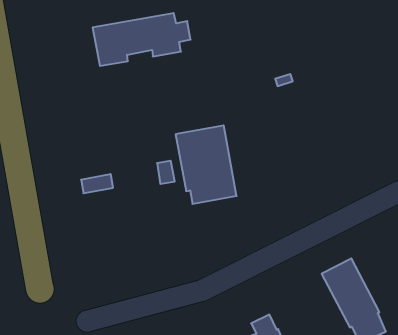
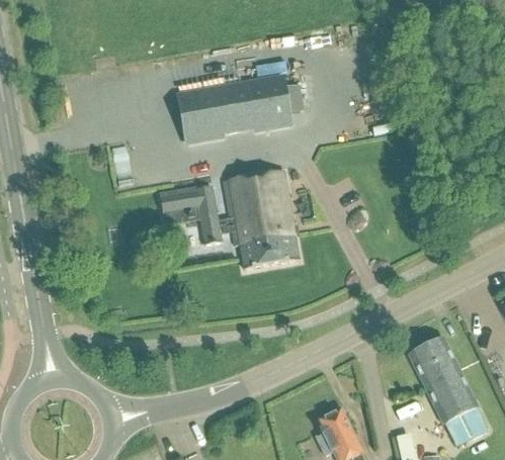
building: [93,13,191,66] -> [178,76,302,143]
building: [81,174,113,193] -> [158,189,198,213]

